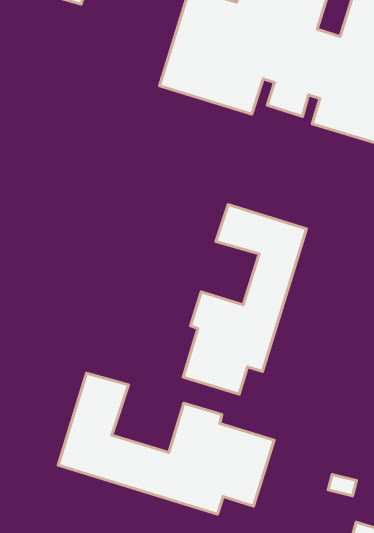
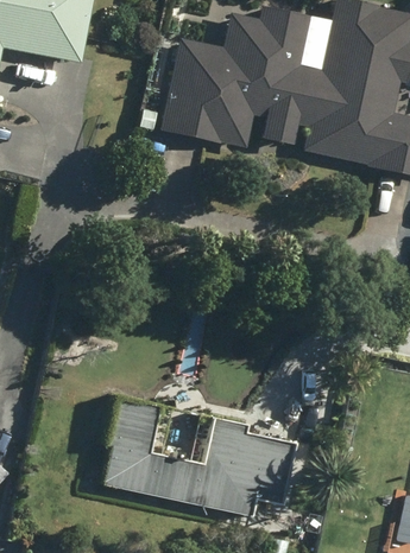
building: [183,205,306,394] -> none

